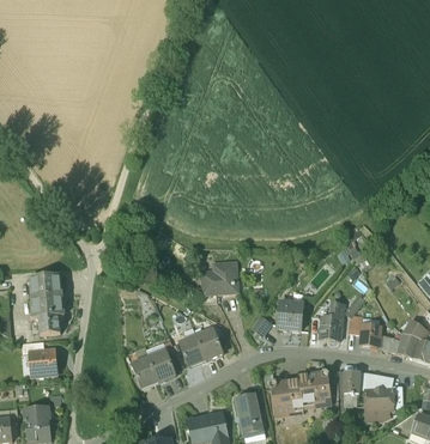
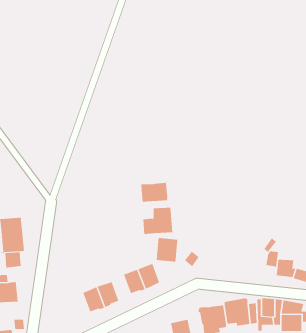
building: none -> [140,180,168,203]
building: [277,300,303,329] -> [156,238,178,262]
building: [320,304,343,339] -> none

